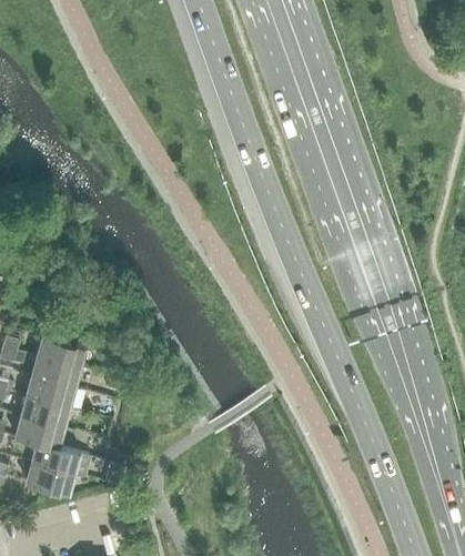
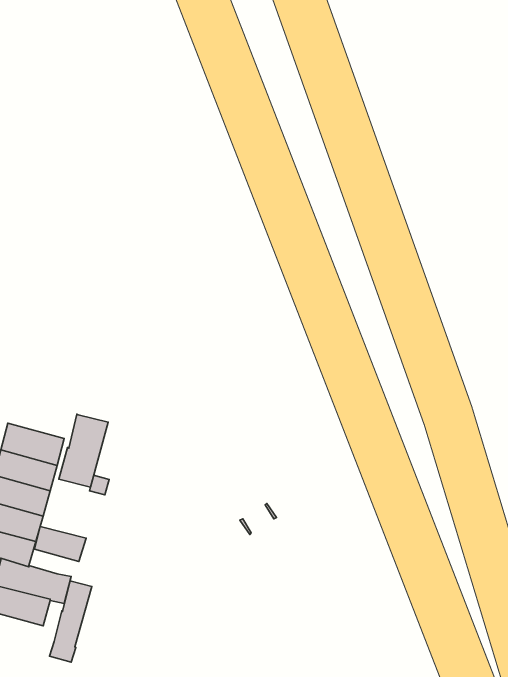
building: none -> [59,414,108,487]
building: none -> [34,526,86,562]
building: none -> [50,581,92,662]

